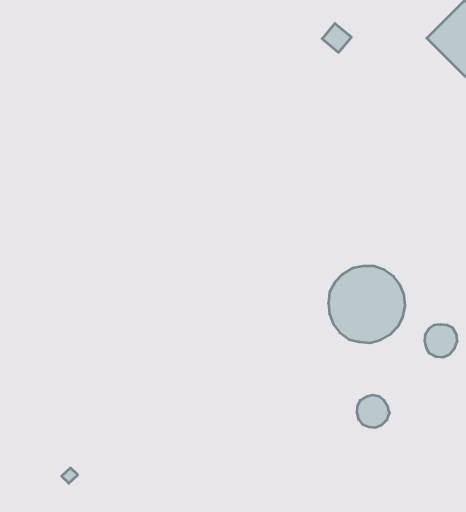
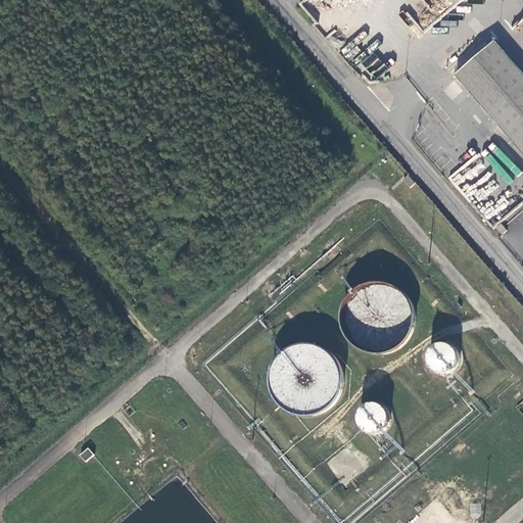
building: none -> [269,341,343,416]

